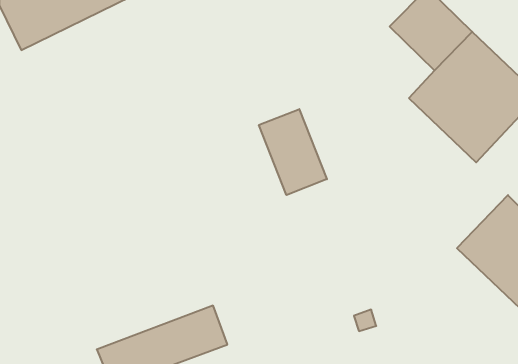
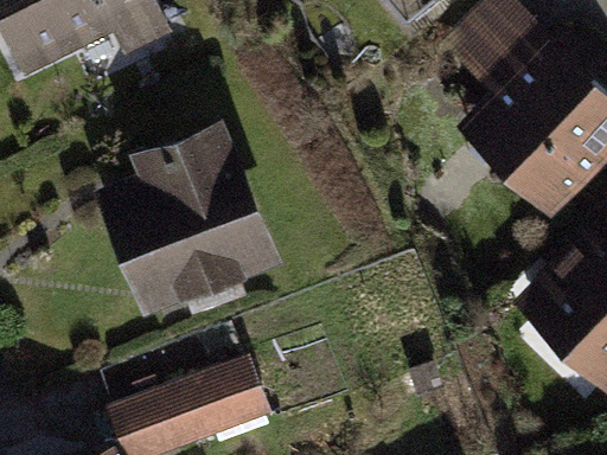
building: none -> [114,137,264,307]
building: [259,109,327,195] -> none

